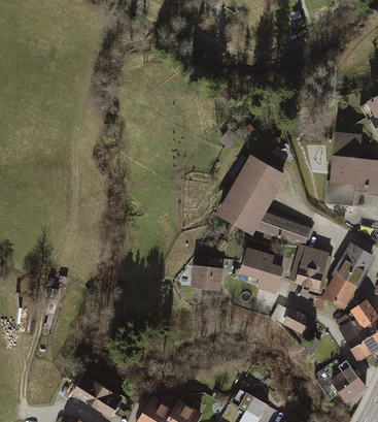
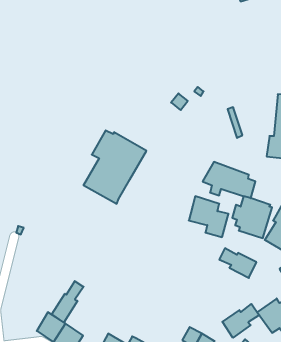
building: [215,153,285,234] -> [83,130,146,204]
building: [191,264,221,288] -> none
building: none -> [52,281,84,322]
building: none -> [222,304,259,338]

